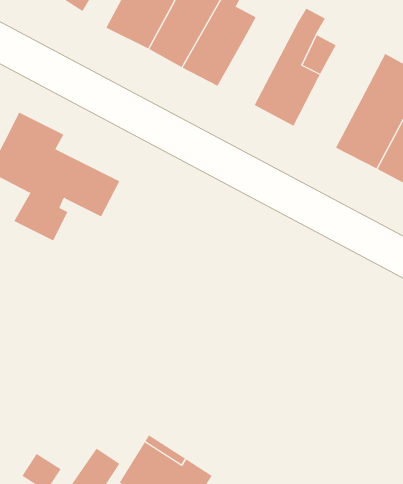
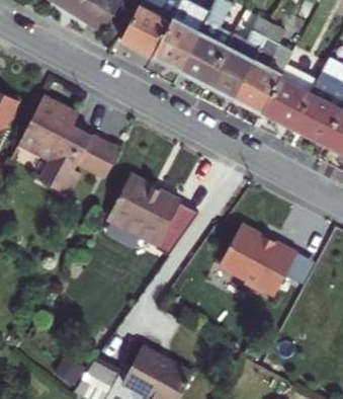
building: none -> [198,25,259,94]
building: none -> [256,73,307,127]
building: none -> [110,176,201,257]
building: none -> [219,221,297,295]

